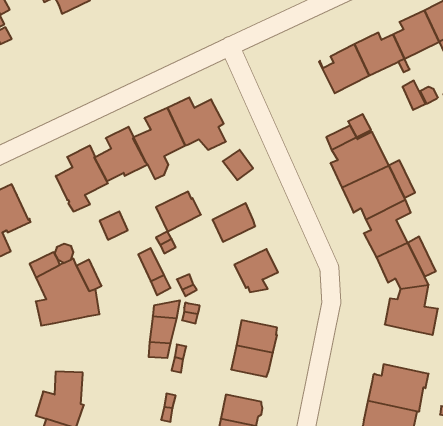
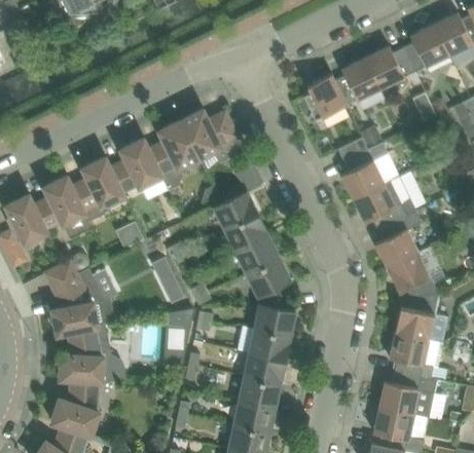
building: none -> [302,75,345,120]
building: none -> [33,176,90,239]
building: [156,192,201,231] -> [214,191,258,230]
building: none -> [235,236,279,274]
building: none -> [254,298,294,336]
building: none -> [60,325,123,382]
building: none -> [389,333,446,382]
building: none -> [239,377,279,409]

